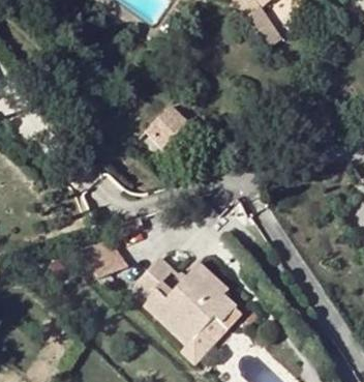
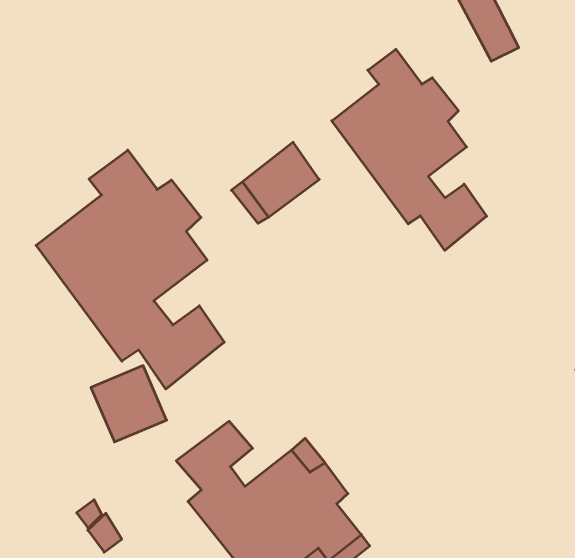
building: none -> [332,49,487,250]
building: none -> [36,150,224,389]

